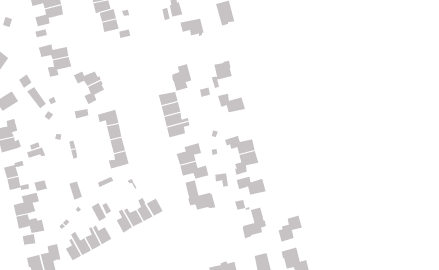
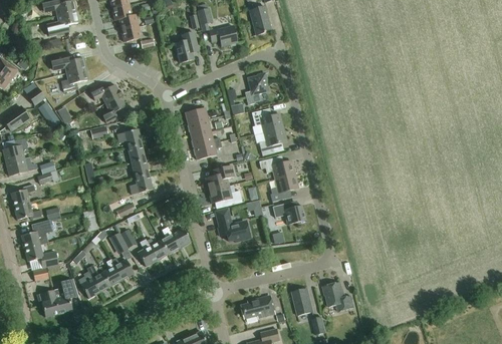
building: [171,64,192,91] -> [175,31,198,62]
building: none -> [259,127,286,155]
building: [242,207,267,239] -> none
building: [278,215,303,242] -> none

